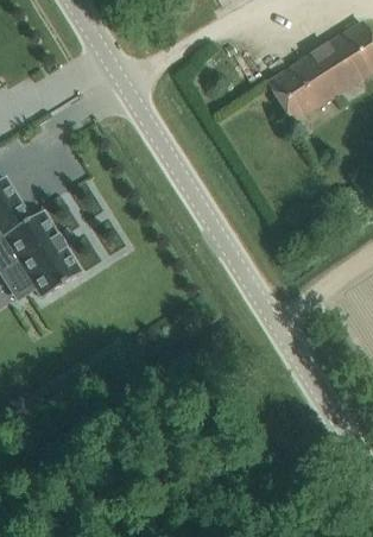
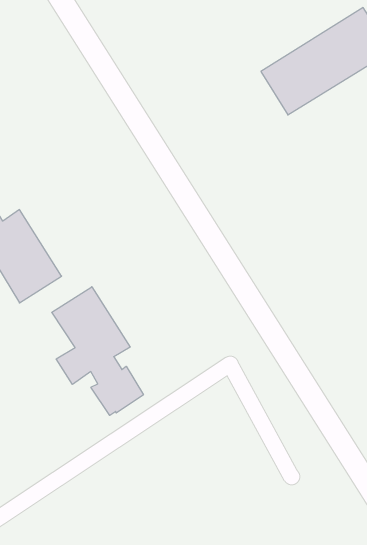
building: none -> [52,287,143,415]

